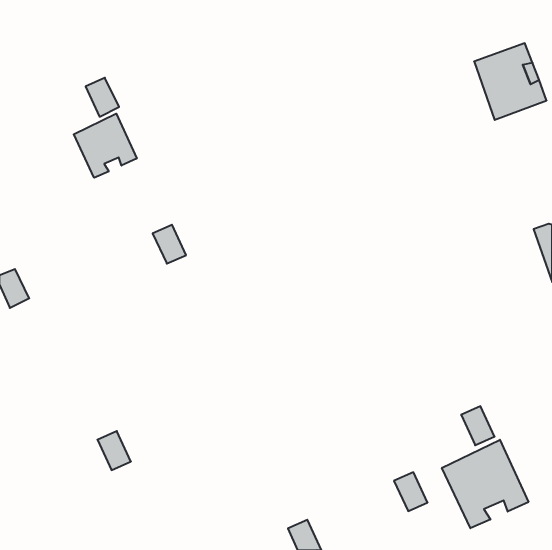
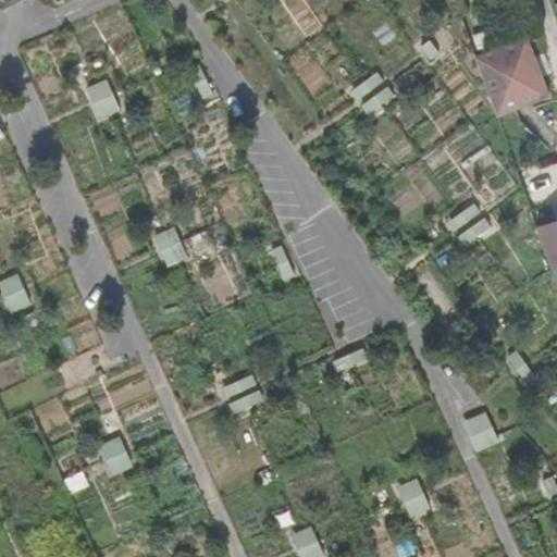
building: [74,114,137,178] -> none
building: [442,440,528,528] -> none

